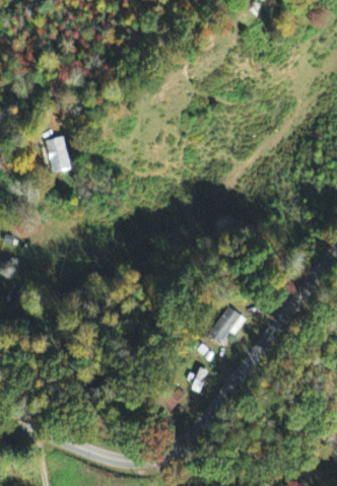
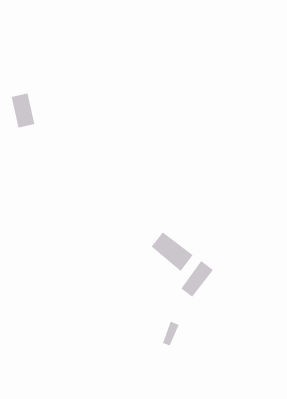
building: none -> [151,231,194,272]

